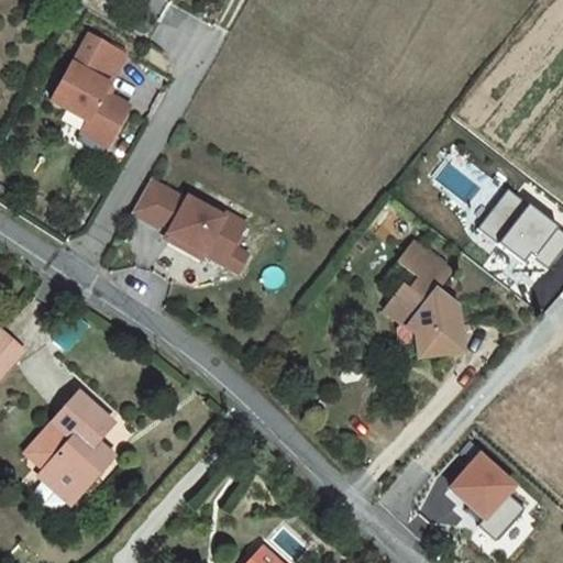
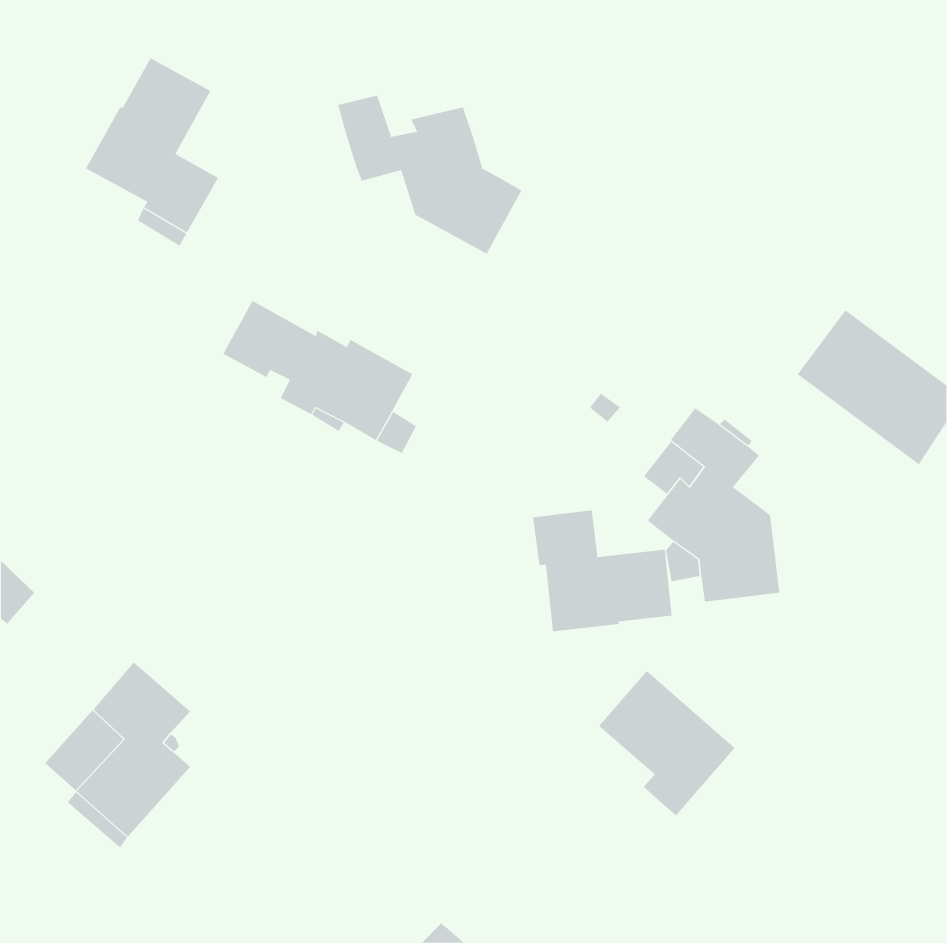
building: none -> [337,94,522,254]
building: none -> [533,509,672,632]
building: [450,456,531,543] -> [598,670,735,817]

